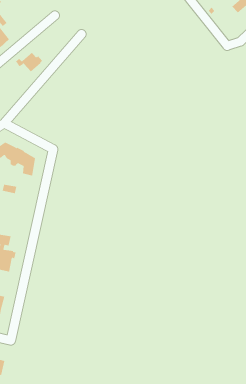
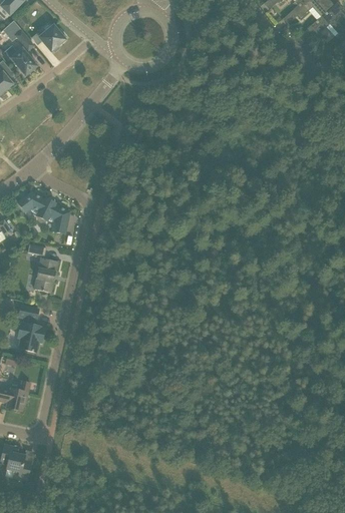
building: [15,52,43,72] -> [31,25,65,50]
building: none -> [33,258,57,292]

